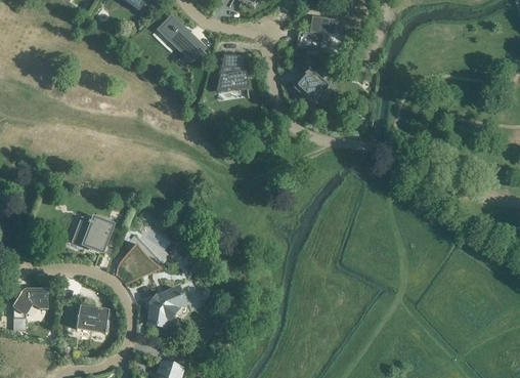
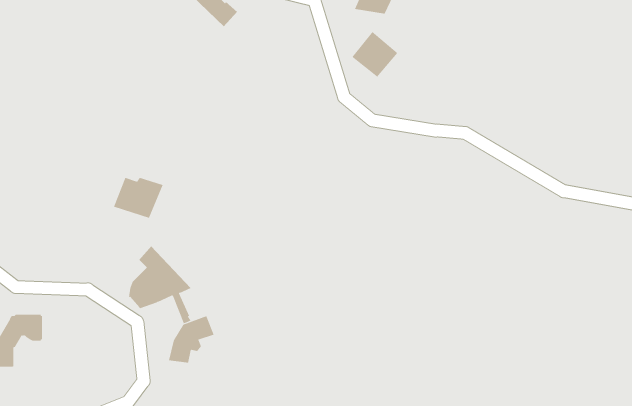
building: [216,54,248,92] -> none
building: [73,219,113,252] -> [113,177,164,218]
building: [76,304,109,332] -> none

